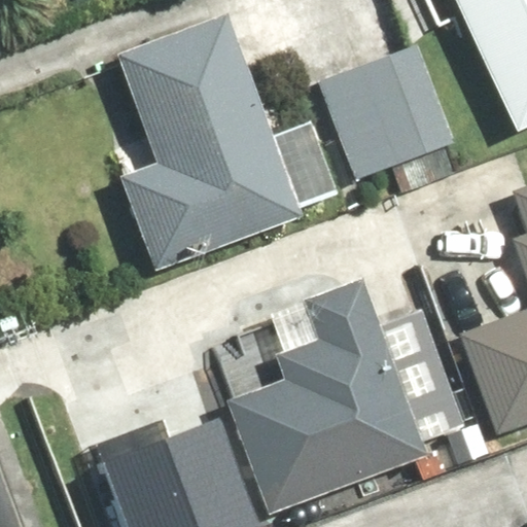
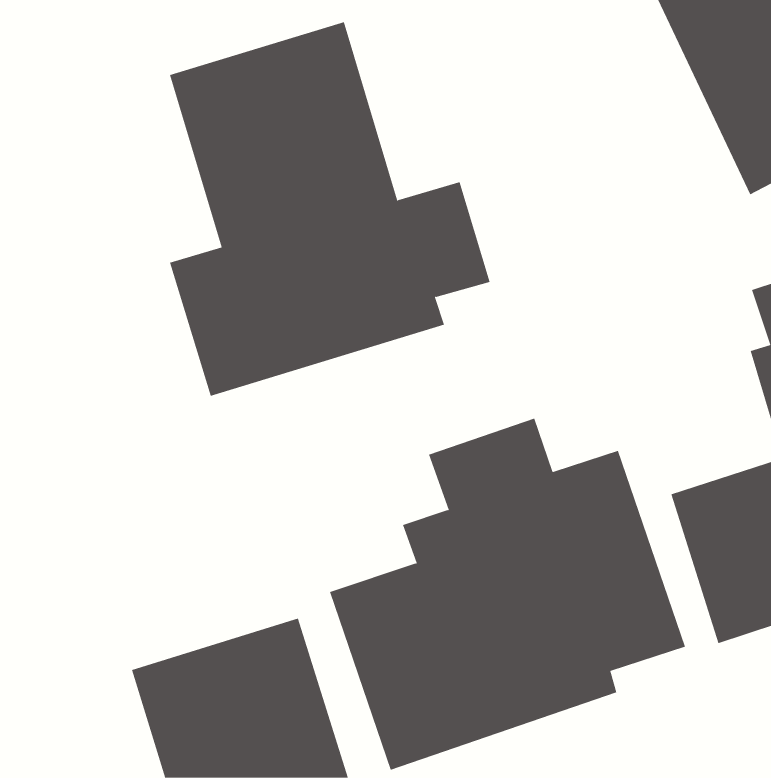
building: [321,44,456,181] -> none

